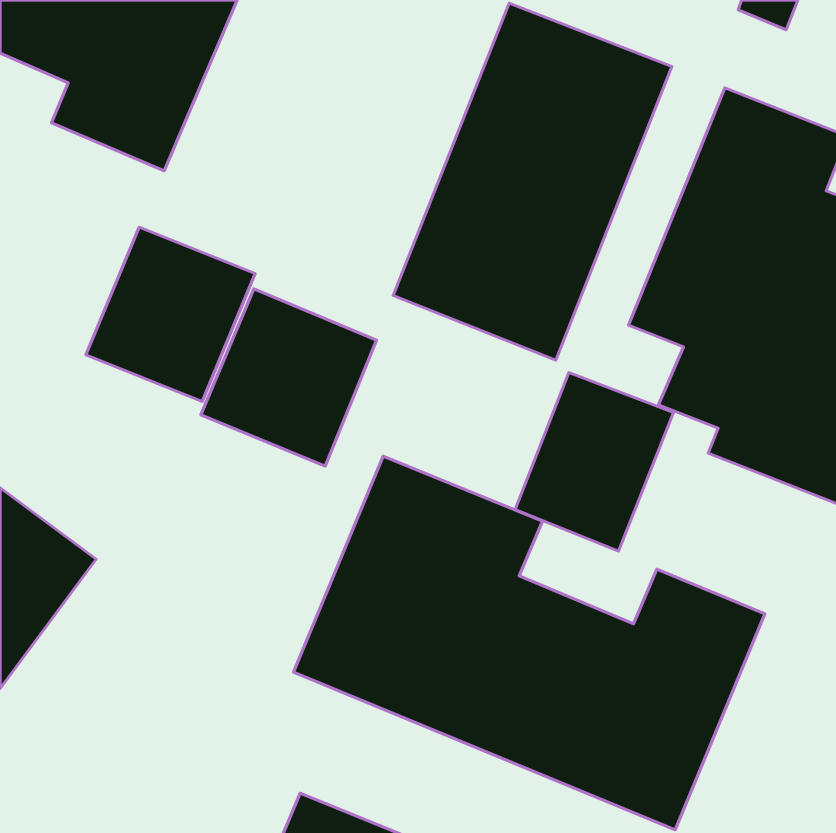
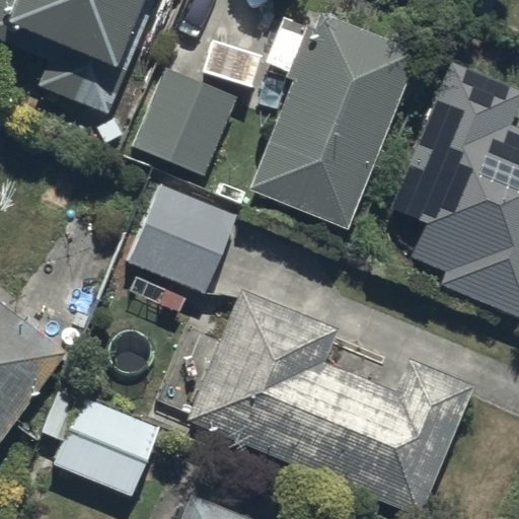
building: [86,227,255,401] -> [134,69,237,175]
building: [515,372,673,551] -> none
building: none -> [55,397,160,497]

